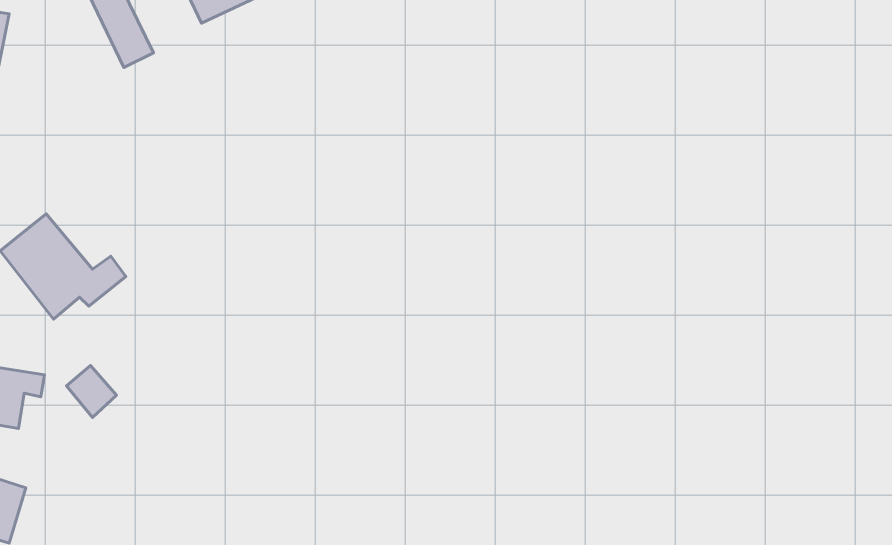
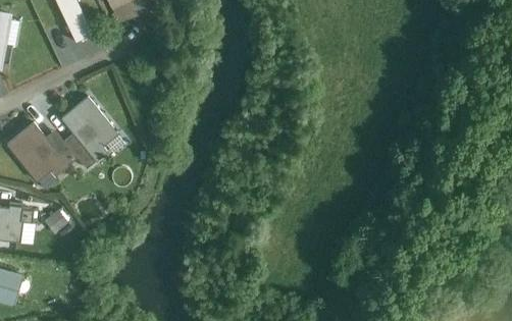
building: none -> [61,97,117,169]

